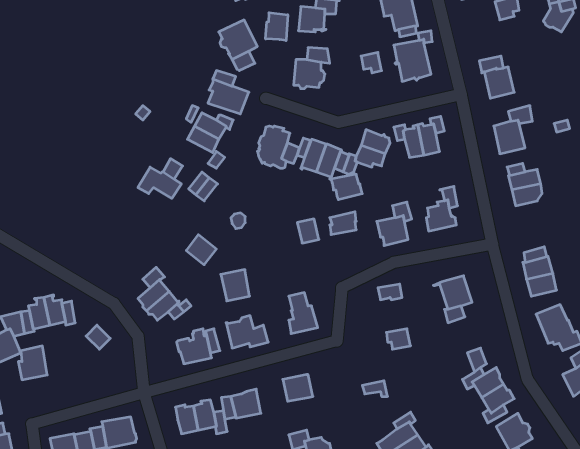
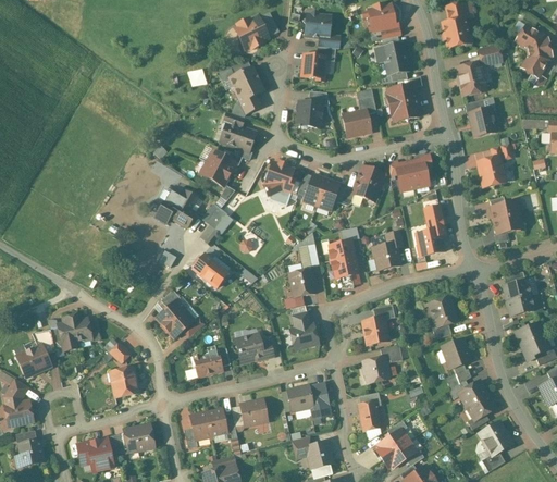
building: [266,13,288,41] -> none
building: none -> [456,63,484,95]
building: none -> [342,110,370,137]
building: [331,174,362,200] -> [330,256,358,279]
building: [221,270,250,301] -> [288,269,314,297]
building: none -> [361,317,387,345]
building: none -> [441,338,470,368]
building: none -> [362,357,388,383]
building: [18,346,47,380] -> [111,367,137,397]
building: none -> [309,383,330,419]
building: none -> [358,401,380,430]

